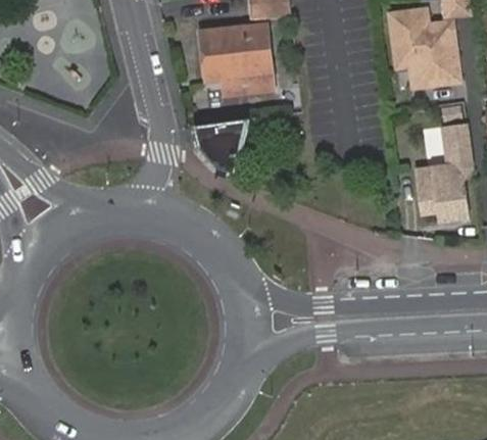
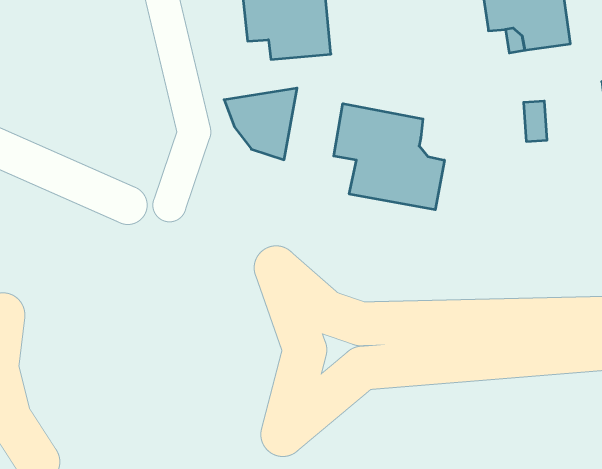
building: [419,124,473,221] -> none
building: none -> [334,104,444,210]

